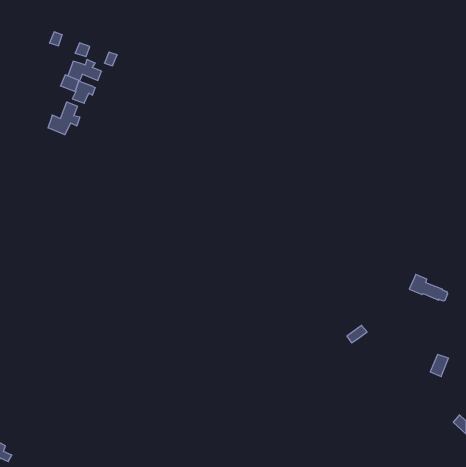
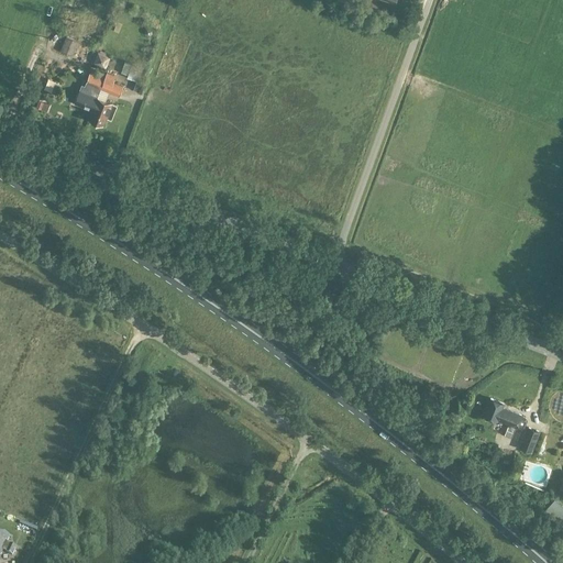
building: [48,102,80,135] -> none
building: [409,274,448,301] -> [479,397,526,429]

